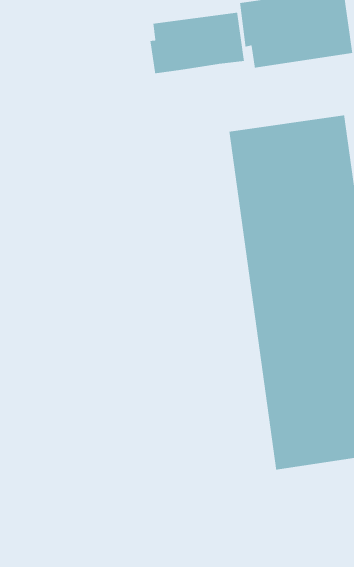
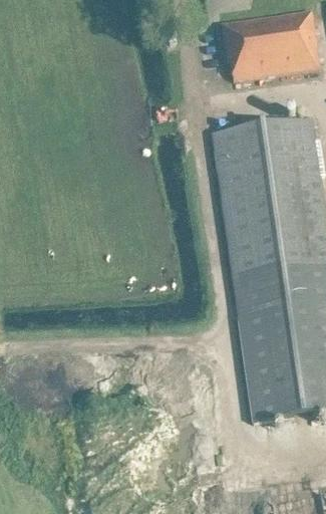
building: [149,12,245,74] -> none

